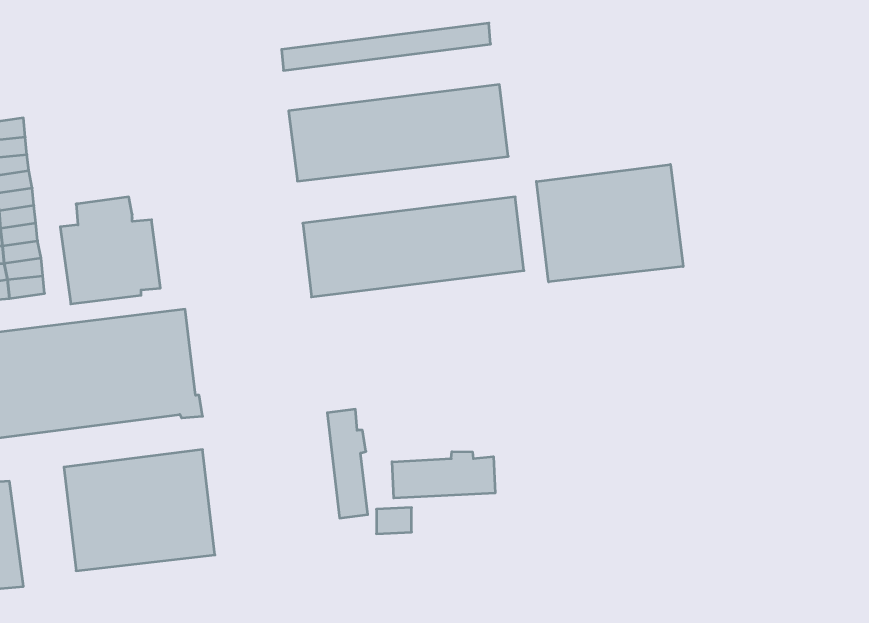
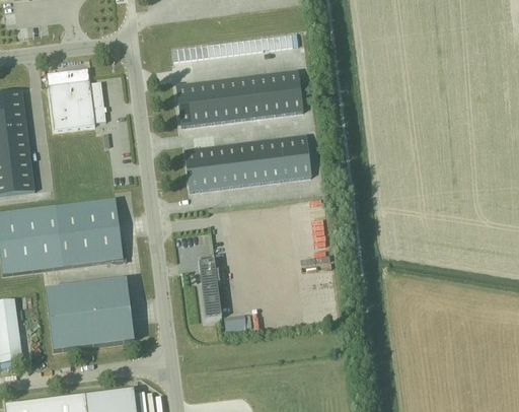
building: [536,164,683,282] -> none
building: [60,197,160,304] -> [48,68,105,130]
building: [392,452,495,498] -> none

